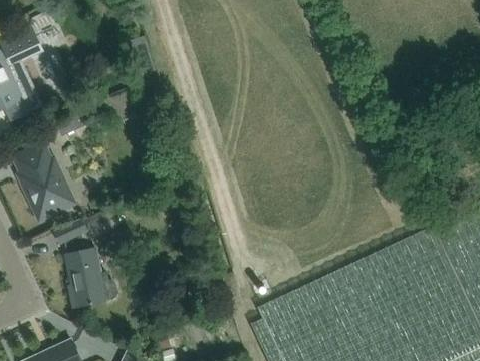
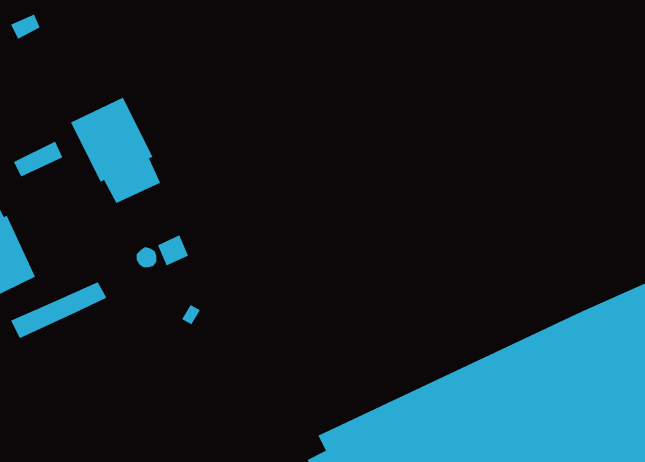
building: none -> [70,97,161,204]
building: [65,248,117,308] -> none

